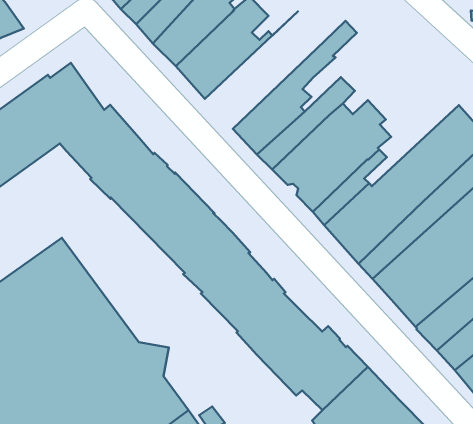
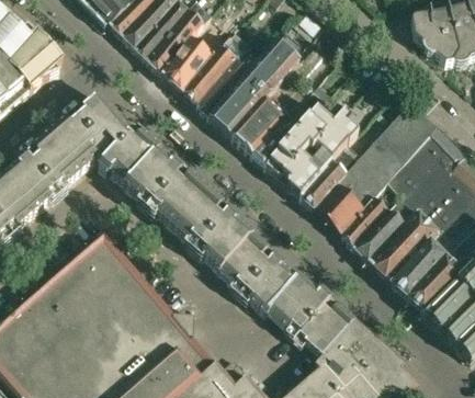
building: none -> [206,38,297,136]

